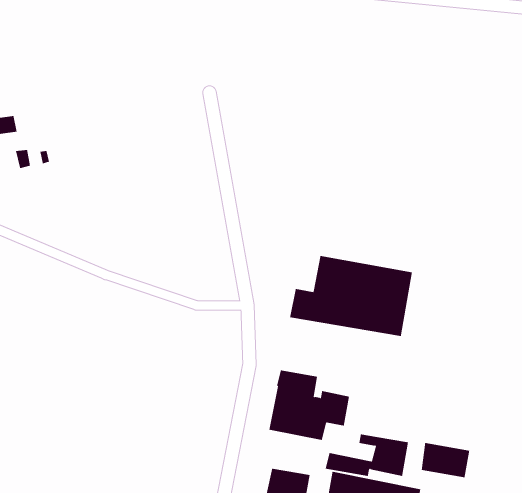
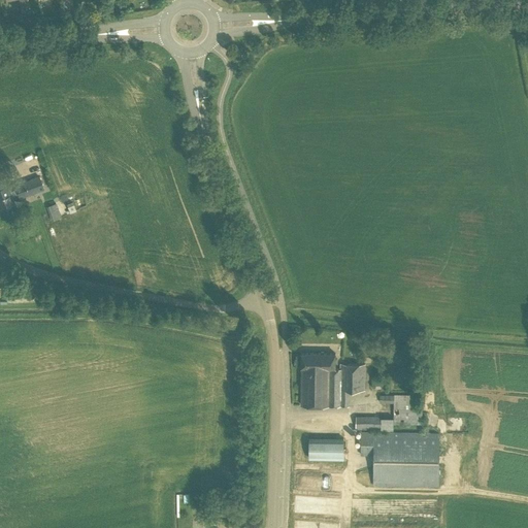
building: [290,255,413,337] -> none
building: [421,442,470,478] -> none

